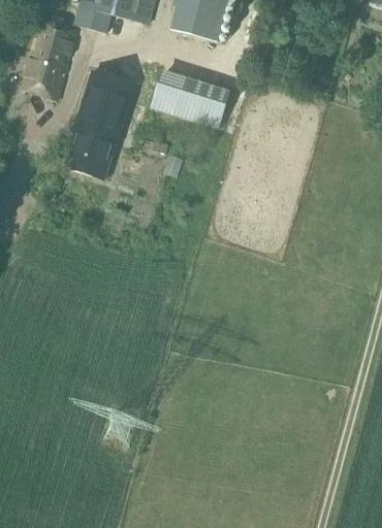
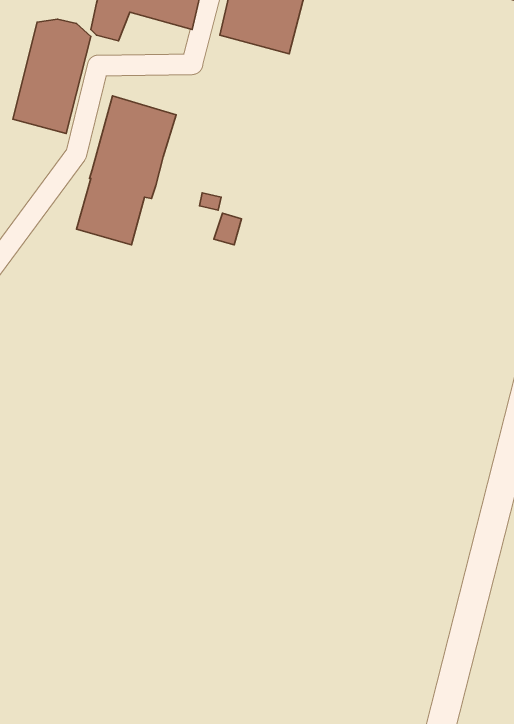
building: [146,73,226,126] -> none

